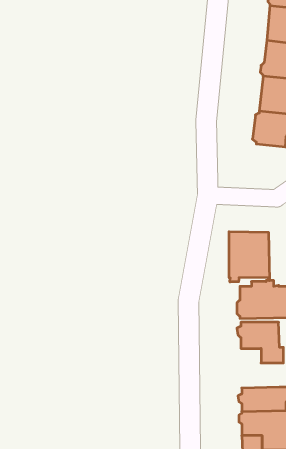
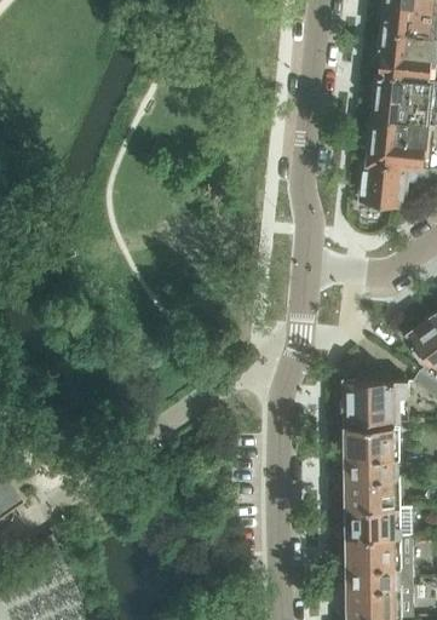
building: [229,232,269,282] -> none
building: none -> [341,460,393,510]

